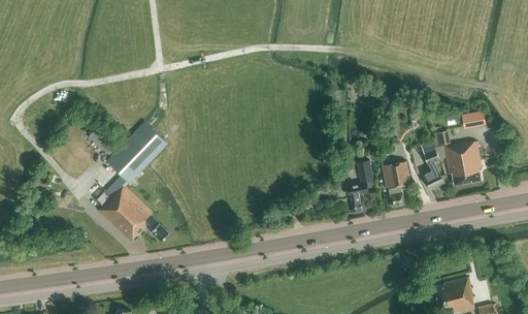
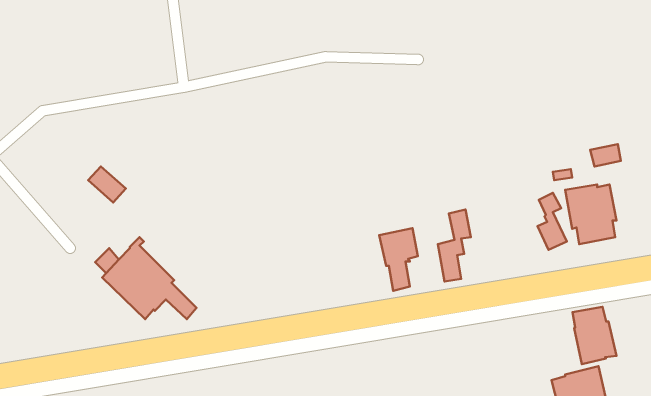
building: [106,121,168,187] -> none
building: [382,160,410,207] -> [379,228,418,291]
building: none -> [572,307,617,364]

